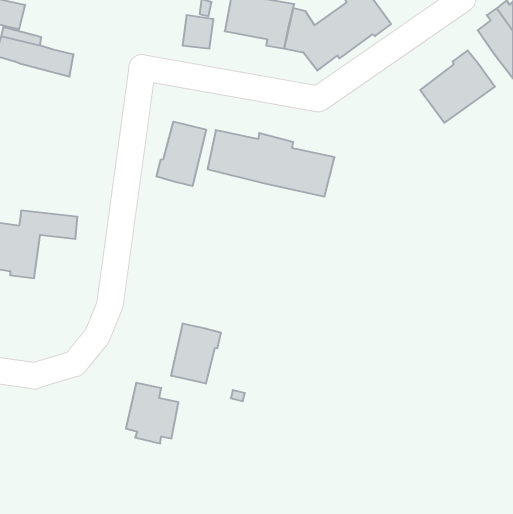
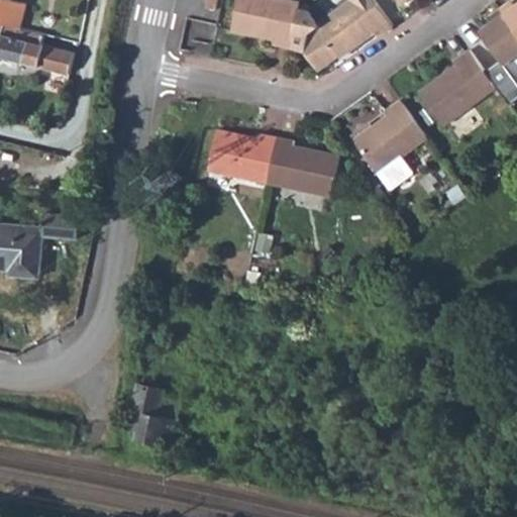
building: none -> [356,99,430,186]
building: [157,122,206,186] -> none
building: [171,323,221,384] -> none

